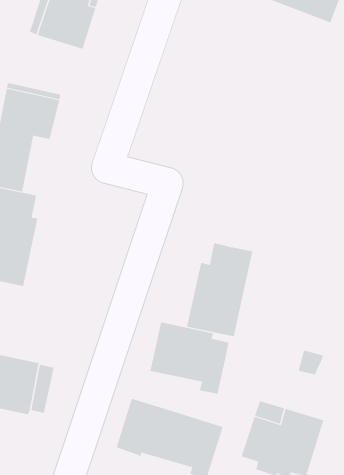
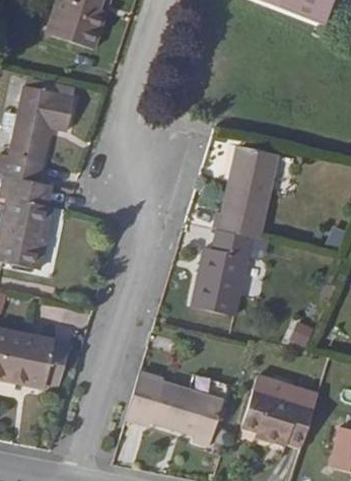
building: none -> [214,144,279,237]
building: [150,322,229,394] -> none

